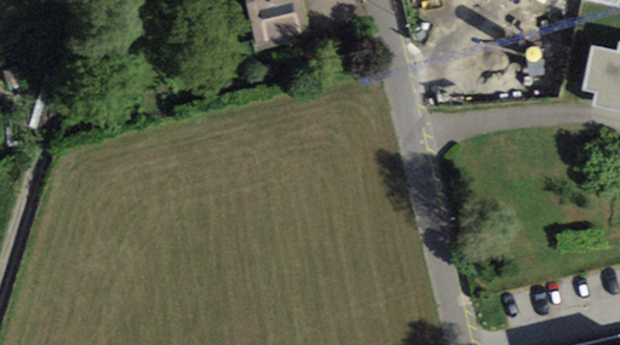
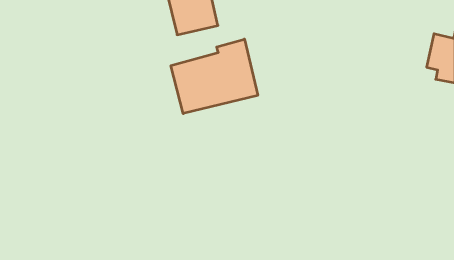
building: none -> [171,39,258,114]

